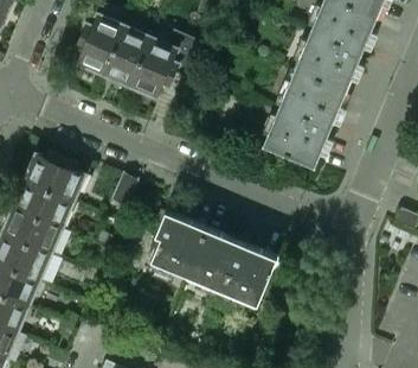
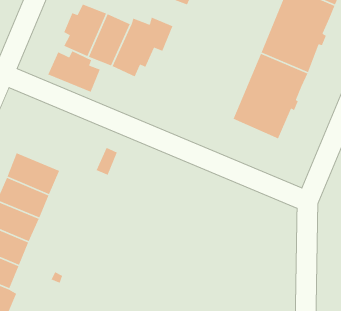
building: [25,153,84,201] -> [47,50,101,93]
building: [150,210,277,305] -> none

